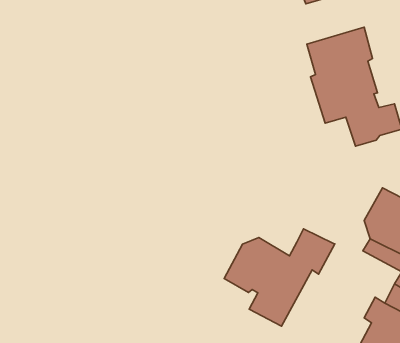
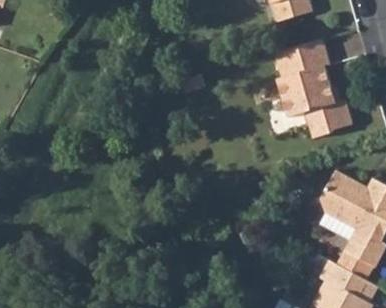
building: [224,229,335,326] -> none

